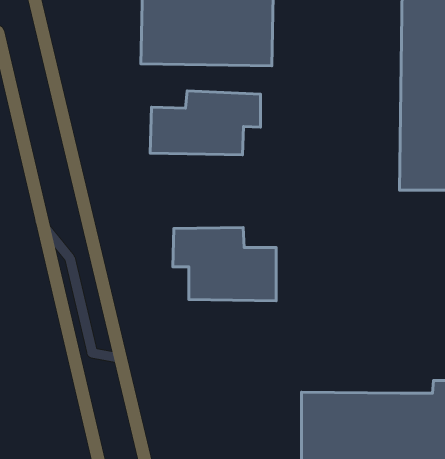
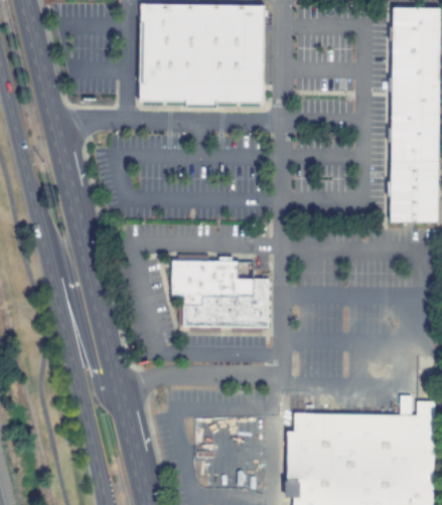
building: [150,91,261,155] -> none

